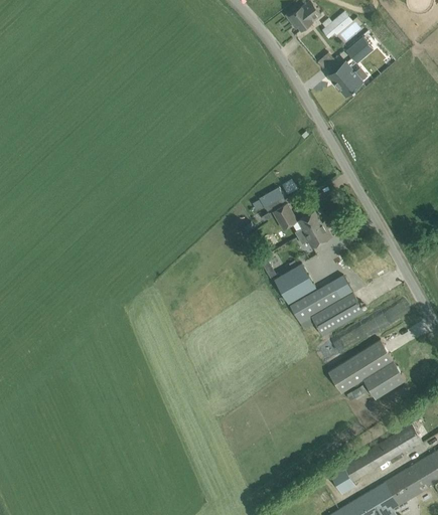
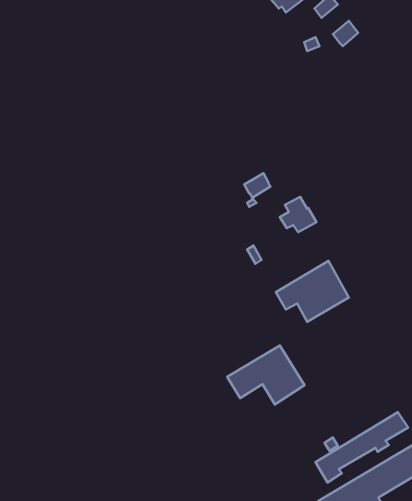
building: [327,61,361,96] -> none
building: [272,202,297,229] -> none
building: [275,264,315,303] -> none
building: [327,340,404,398] -> [227,345,304,404]

